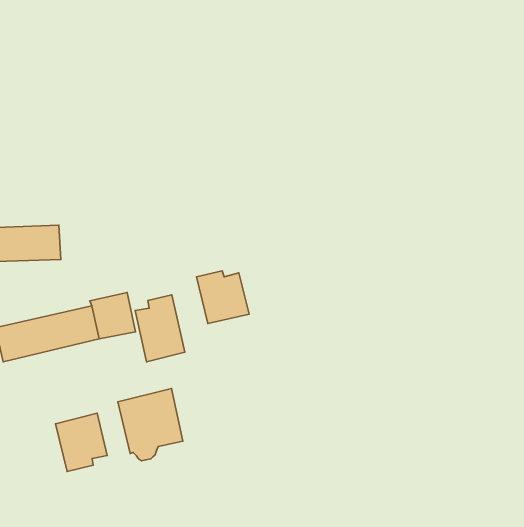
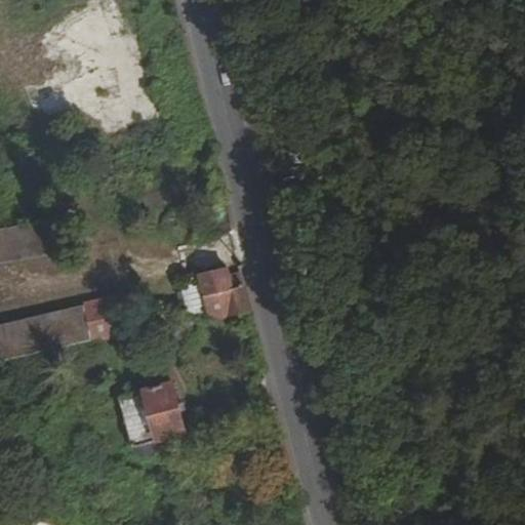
building: [135,295,185,362] -> none
building: [56,413,107,472] -> none

